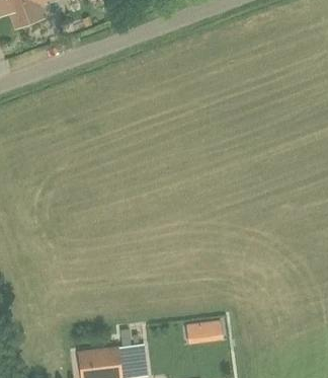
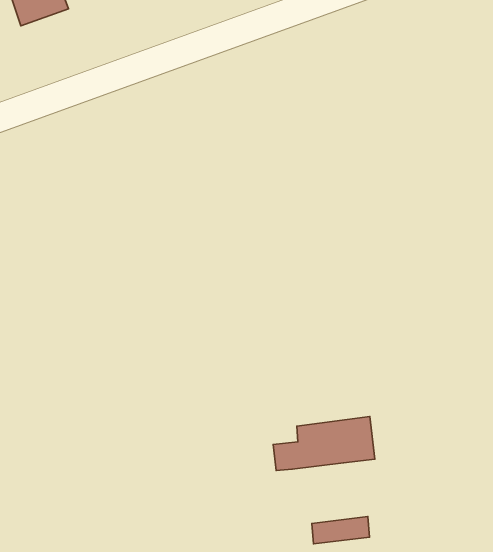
building: none -> [273,416,375,470]

